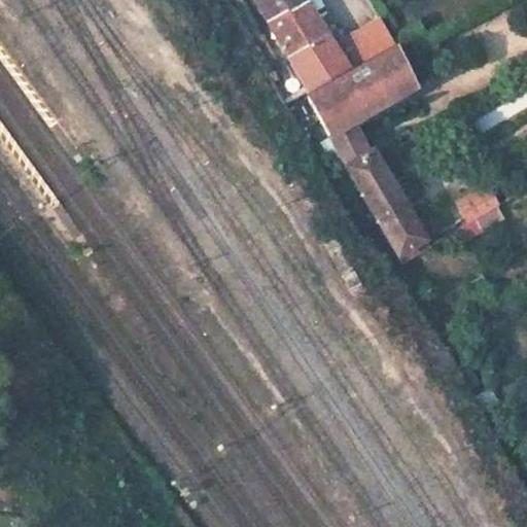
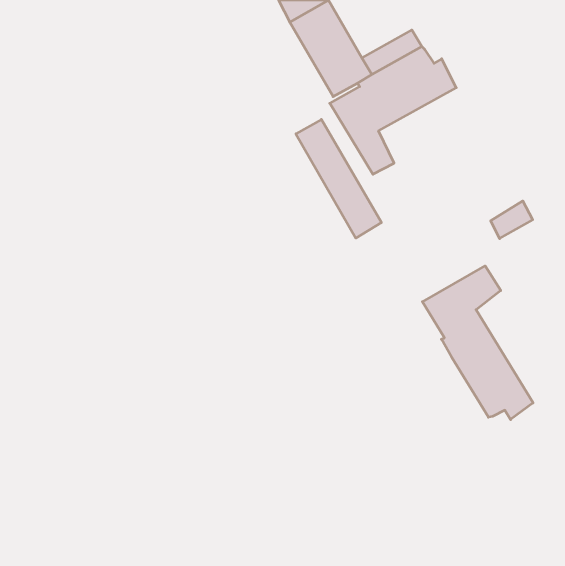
building: [348,149,427,259] -> [296,119,381,238]
building: none -> [422,266,533,420]

